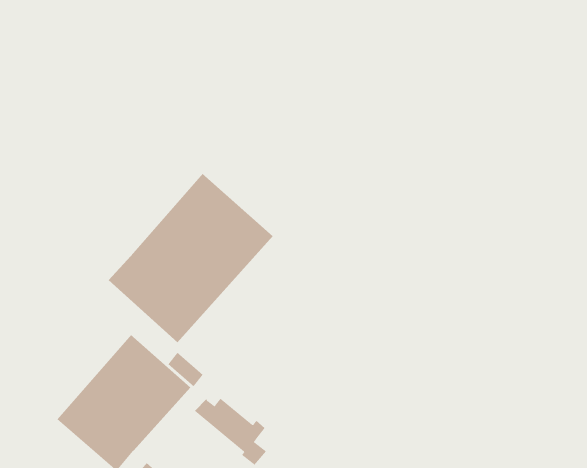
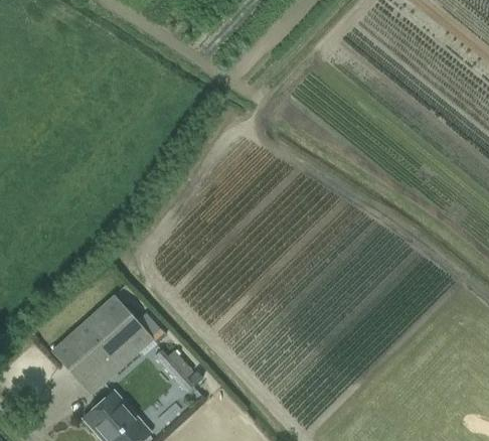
building: [108,173,274,343] -> none

